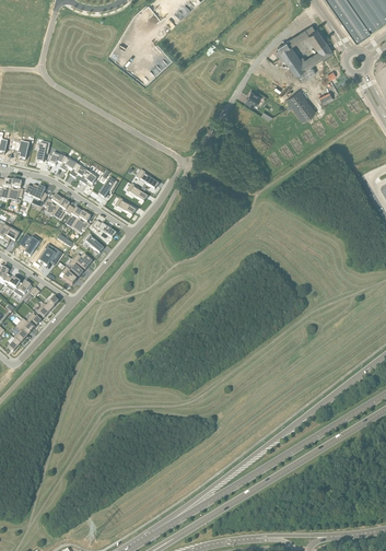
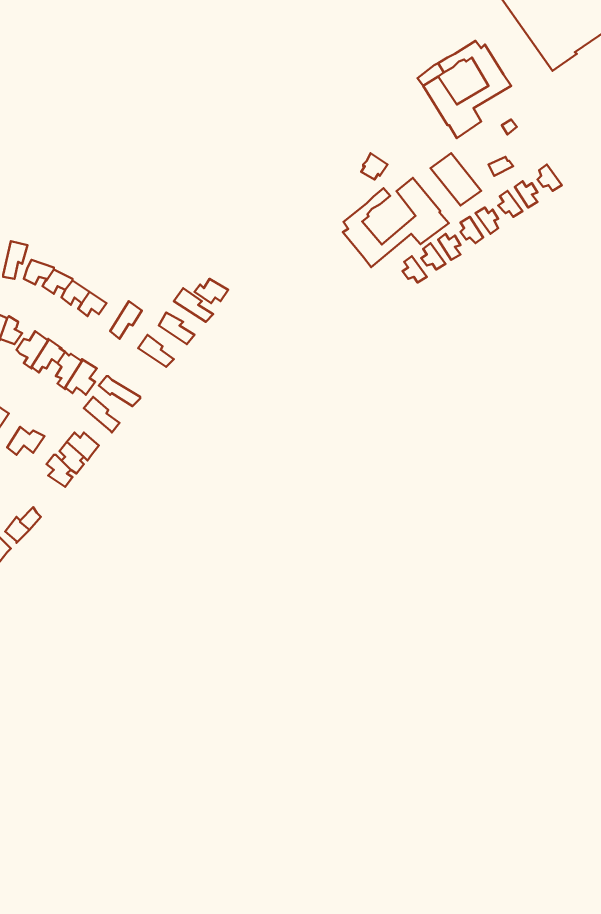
building: none -> [343,178,449,267]

